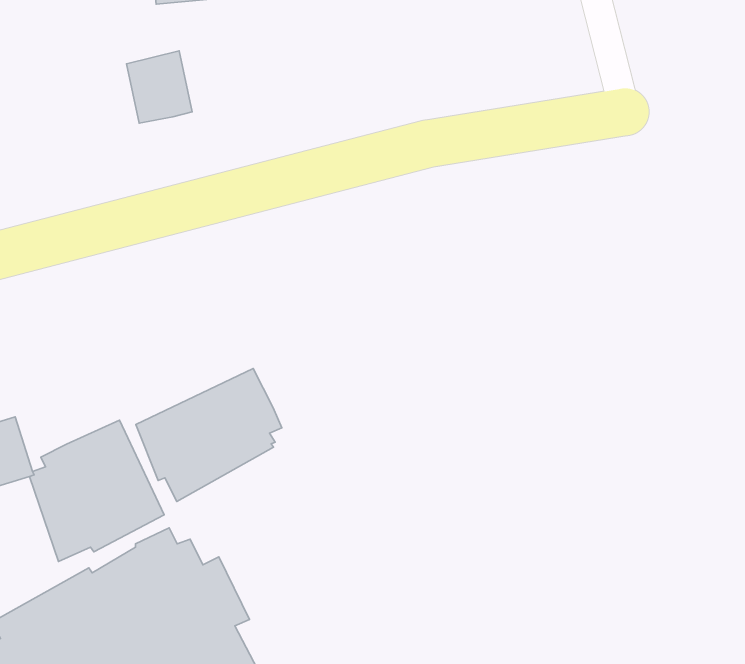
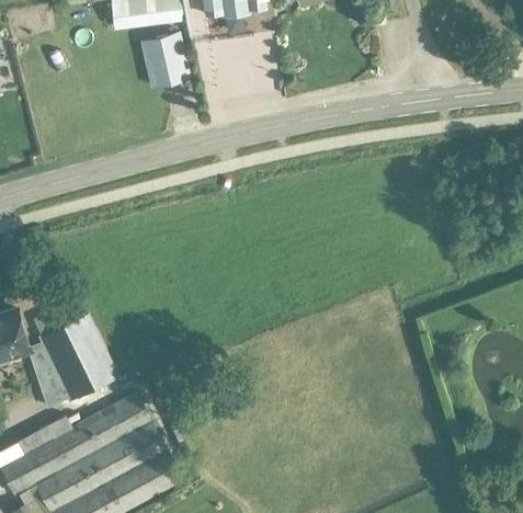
building: [126,51,192,123] -> [140,39,185,89]
building: [136,369,282,502] -> none

